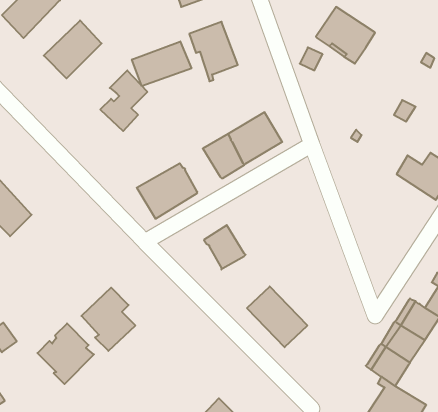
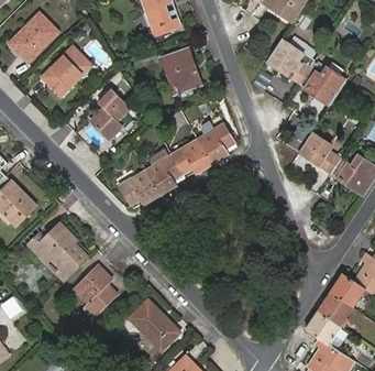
building: none -> [297,64,345,103]
building: [132,41,191,86] -> none
building: none -> [298,132,340,173]
building: [204,225,246,270] -> [154,152,188,188]
building: [247,286,307,347] -> [129,301,178,350]
building: [37,323,94,384] -> [34,222,80,272]

